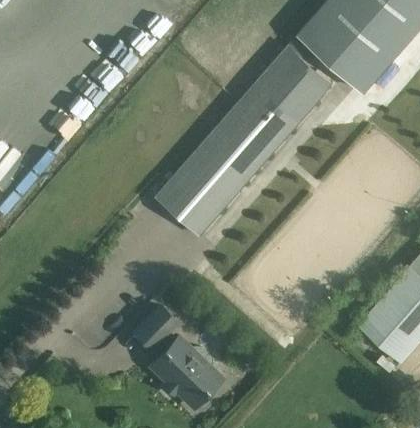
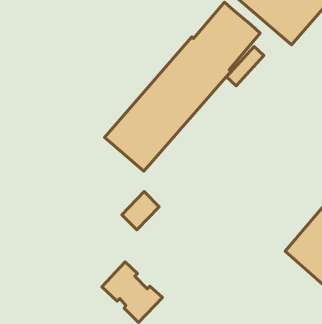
building: [134,306,176,349] -> [122,192,159,230]

